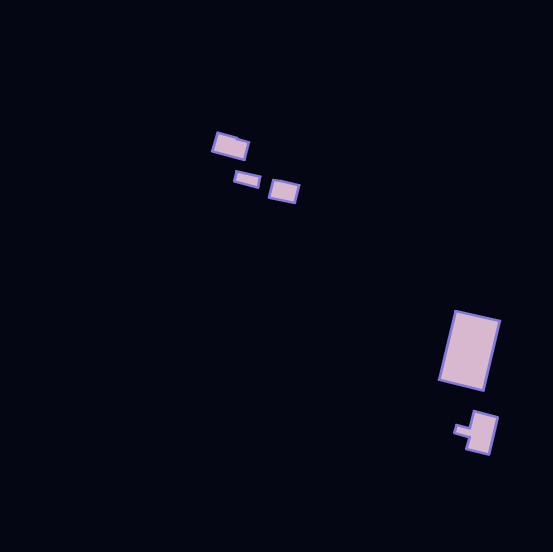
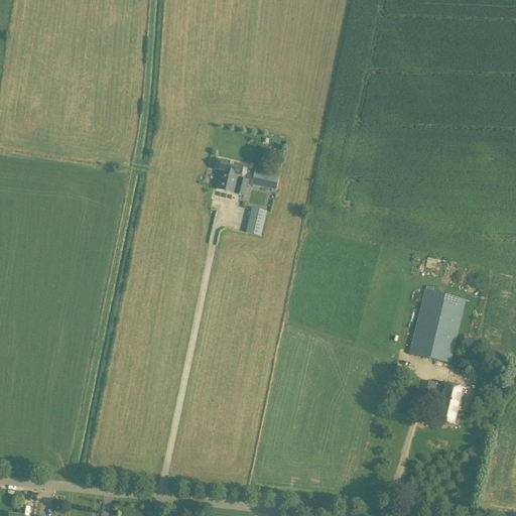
building: [212,133,249,160] -> [214,170,248,196]
building: none -> [245,207,266,235]

